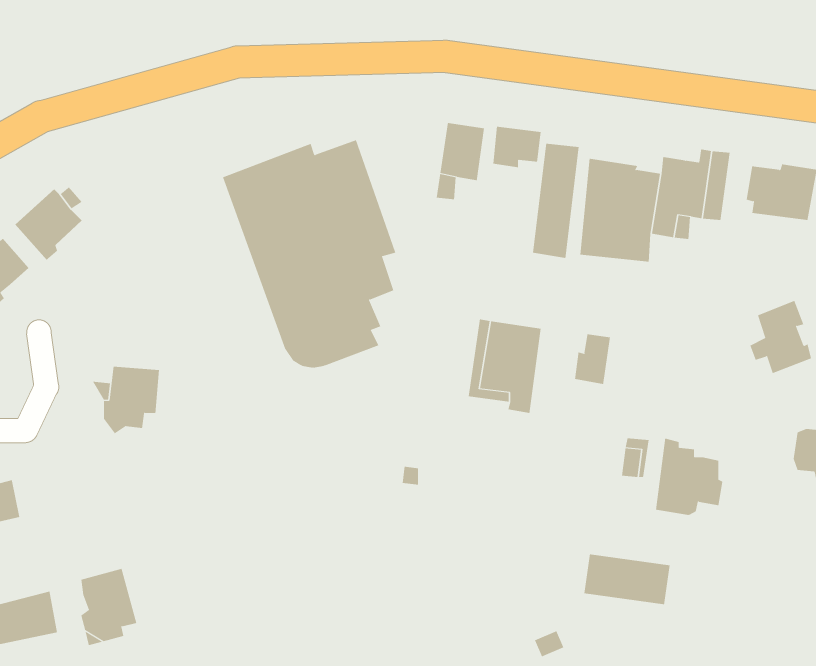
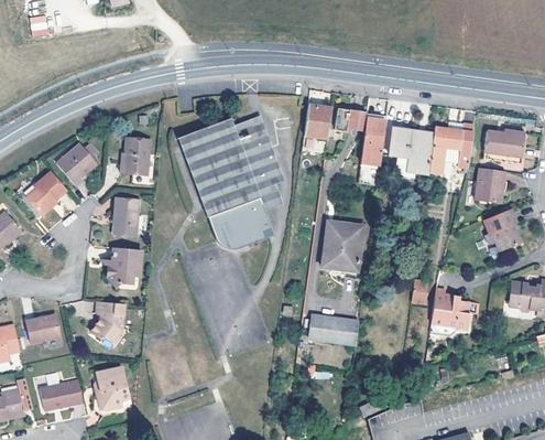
building: none -> [123,139,150,175]
building: none -> [475,165,503,201]
building: none -> [116,197,140,235]
building: [574,333,611,385] -> none
building: none -> [90,301,126,343]
building: [583,554,670,605] -> [309,314,360,344]

